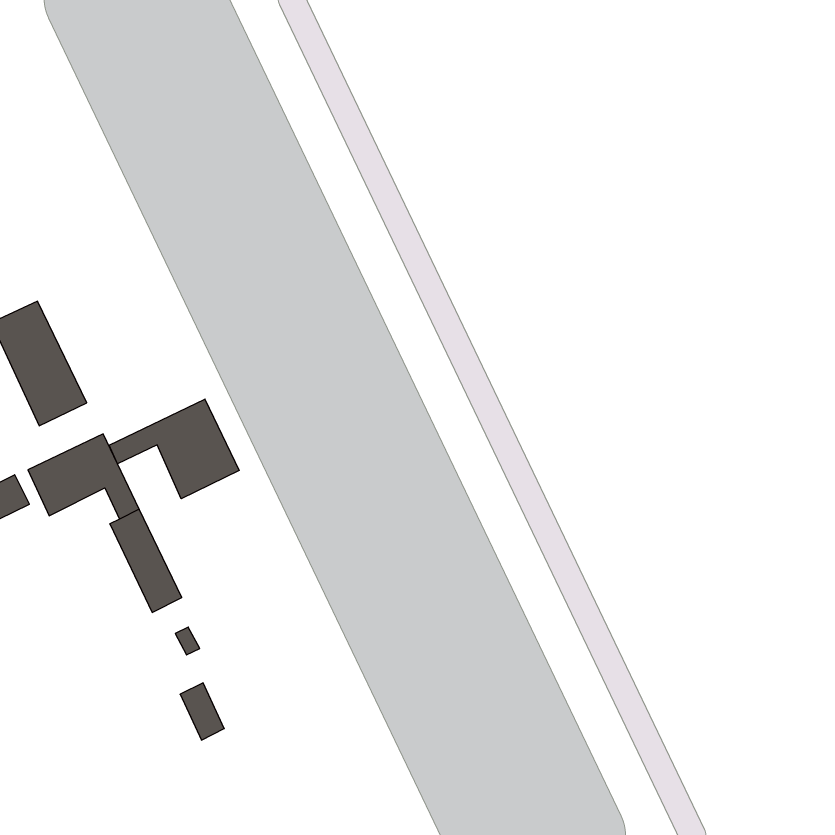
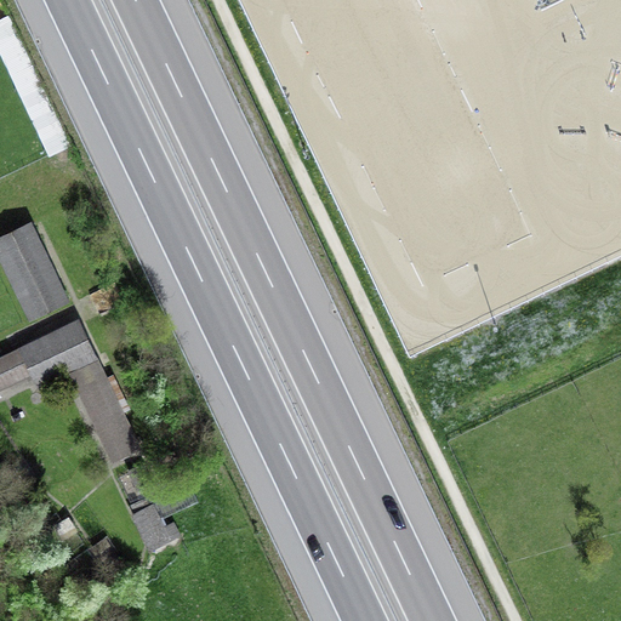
building: [109,399,239,499] -> none

